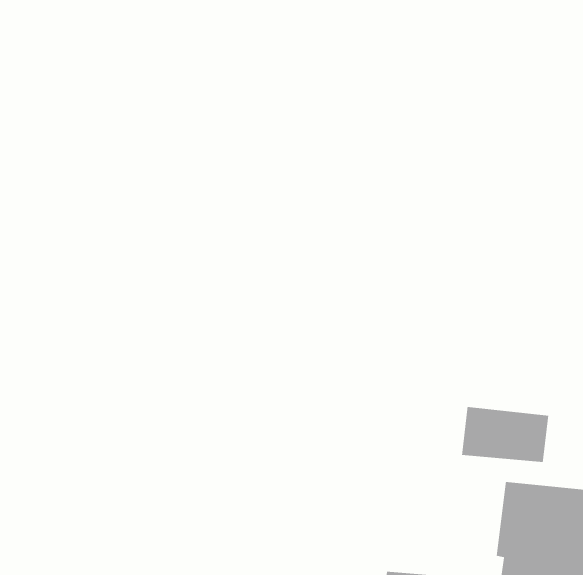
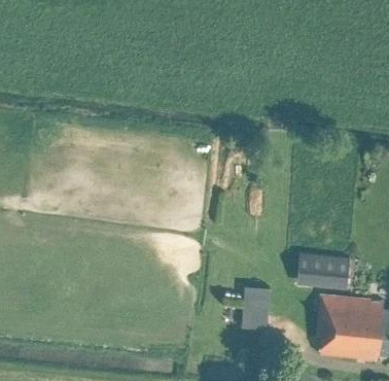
building: none -> [242,287,271,330]

